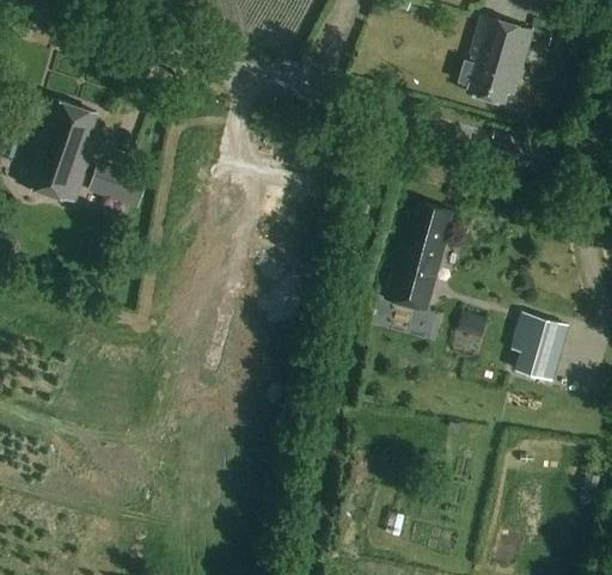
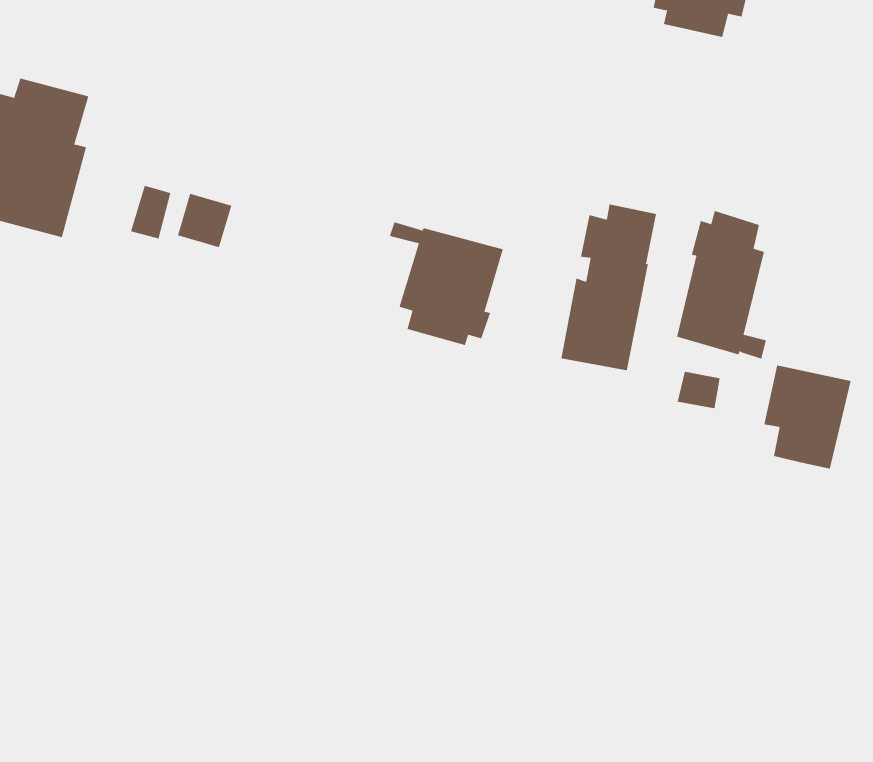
building: [93,158,129,194] -> [177,193,232,248]
building: none -> [389,222,504,346]
building: none -> [676,210,767,360]

